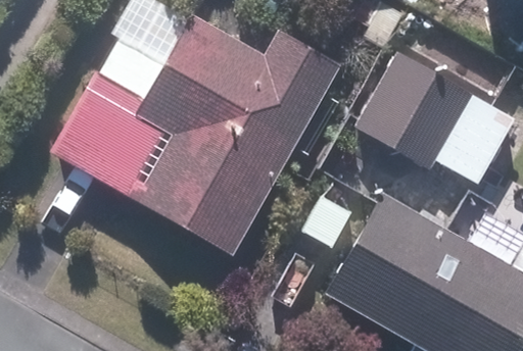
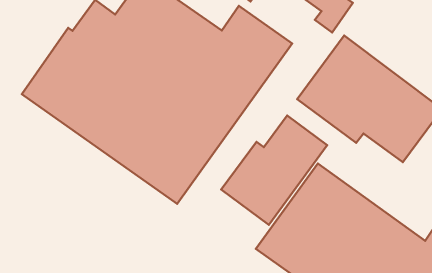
building: none -> [221,116,327,225]

